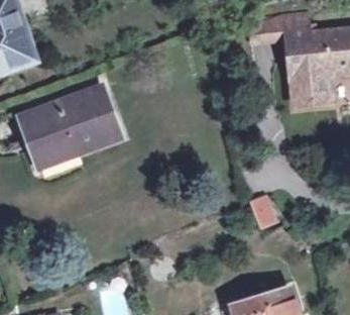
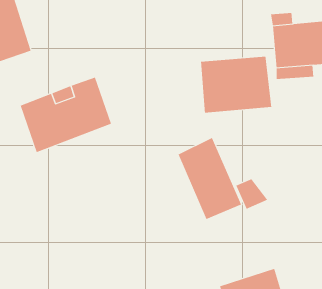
building: none -> [201,56,272,114]
building: none -> [178,137,242,220]

